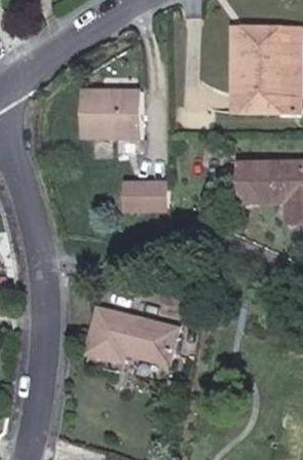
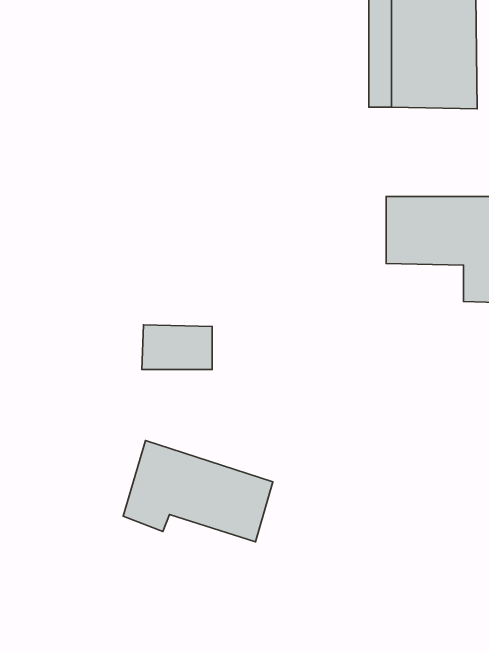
building: [81,89,141,137] -> none
building: [123,182,165,208] -> [142,325,212,369]

